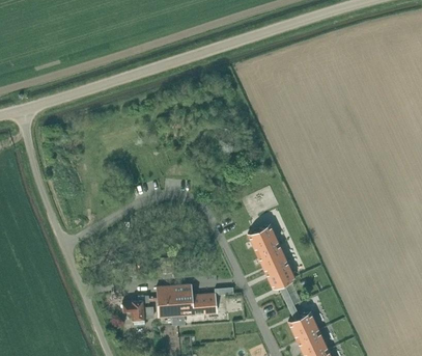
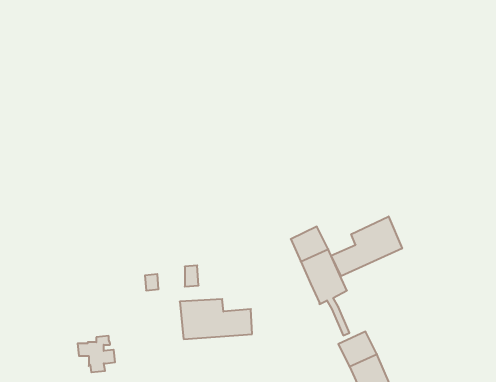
building: none -> [331,216,402,276]
building: [123,295,154,325] -> [78,336,115,372]

